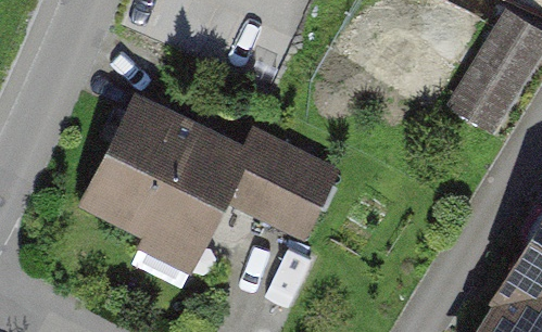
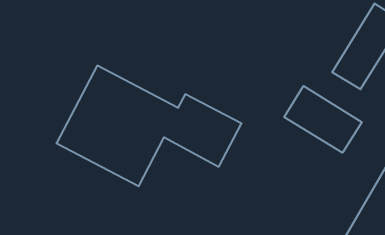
building: none -> [284,86,362,153]

